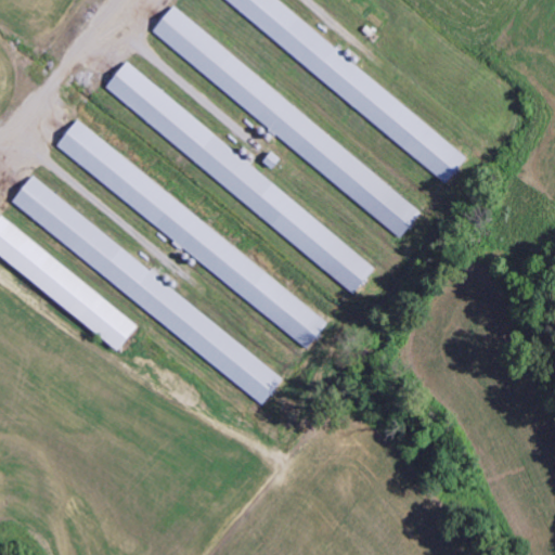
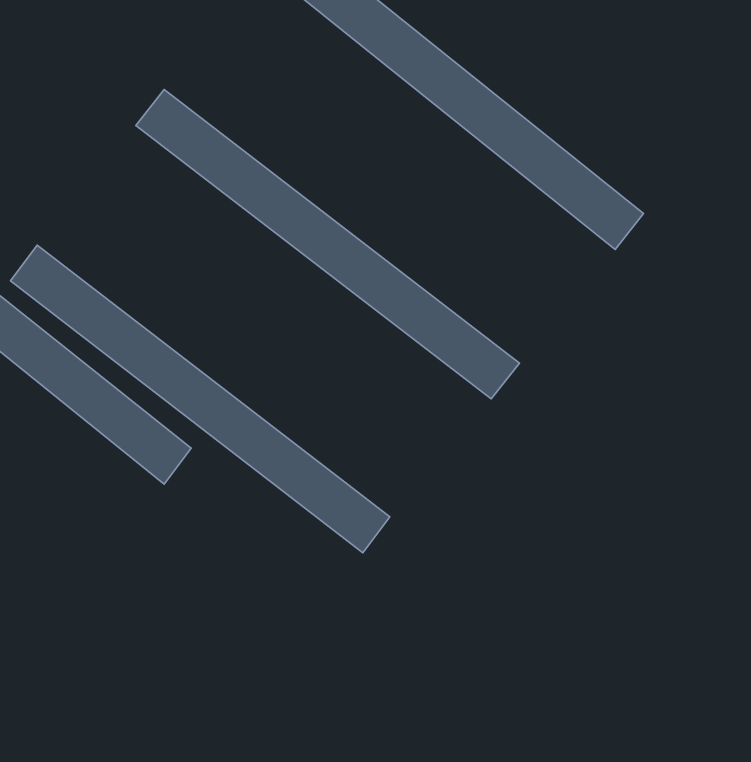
building: [149,7,421,236] -> none
building: [53,120,328,347] -> none

